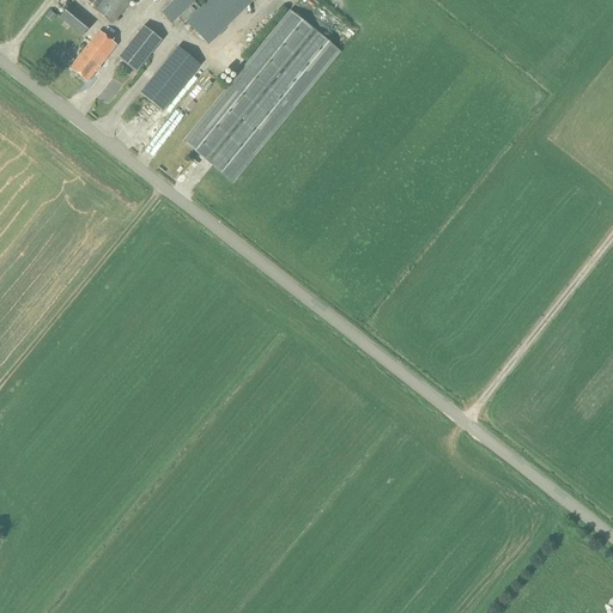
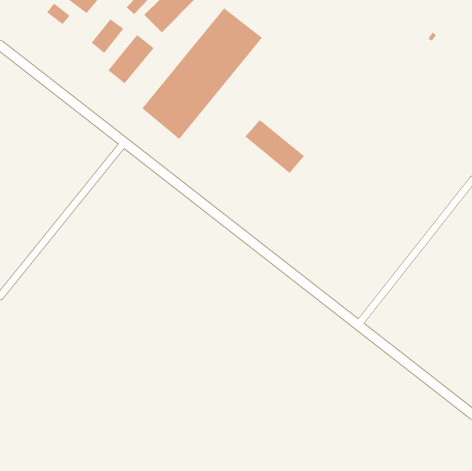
building: [71,29,117,79] -> none
building: none -> [245,119,305,174]

